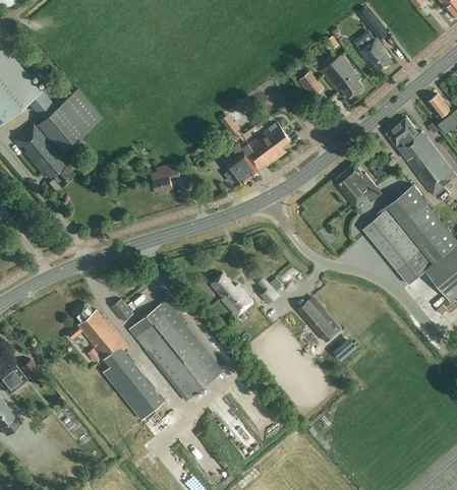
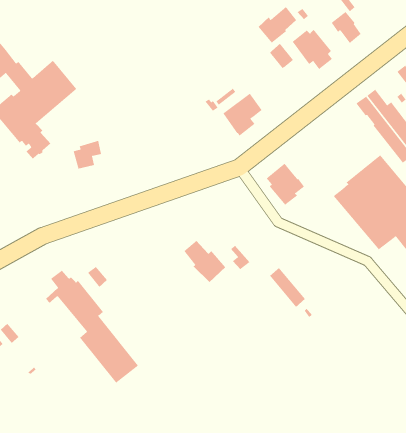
building: none -> [258,6,297,43]
building: [222,137,265,184] -> none
building: [150,163,179,192] -> [73,140,102,169]
building: [336,164,376,207] -> [266,163,305,206]
building: [128,299,224,401] -> none

